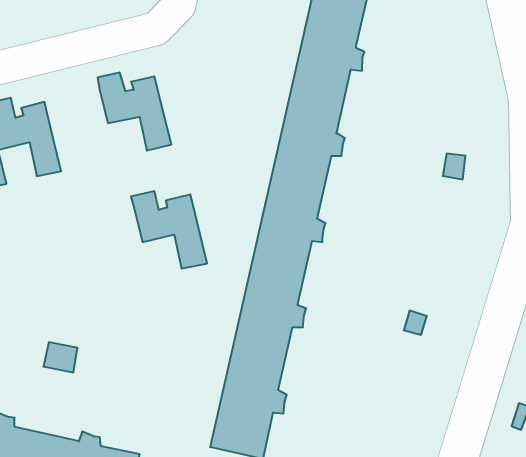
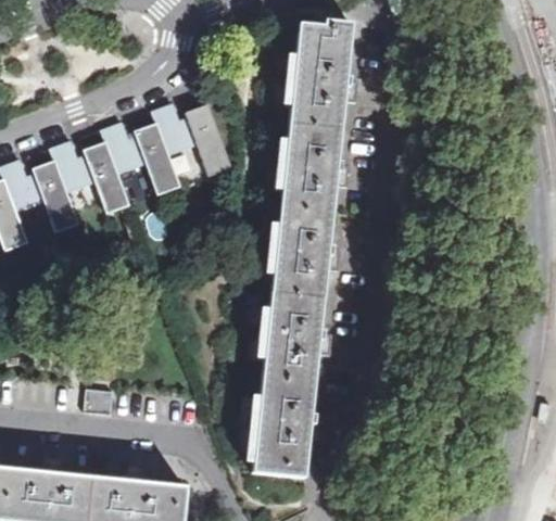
building: none -> [51,141,129,213]
building: [131,191,207,268] -> [152,103,232,175]

